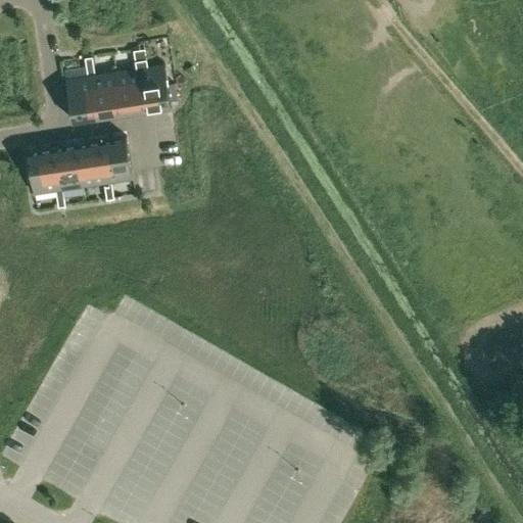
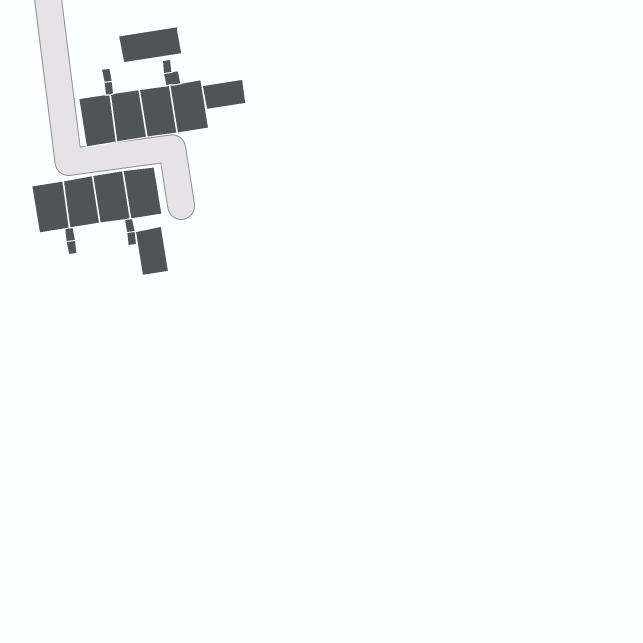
building: none -> [118,26,182,63]
building: none -> [202,79,246,109]
building: none -> [135,226,168,276]

